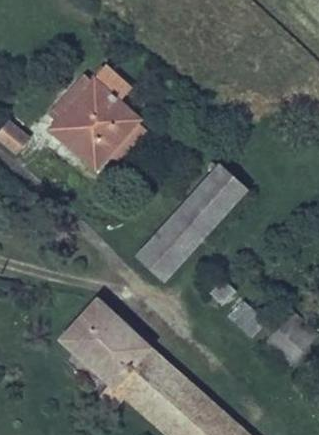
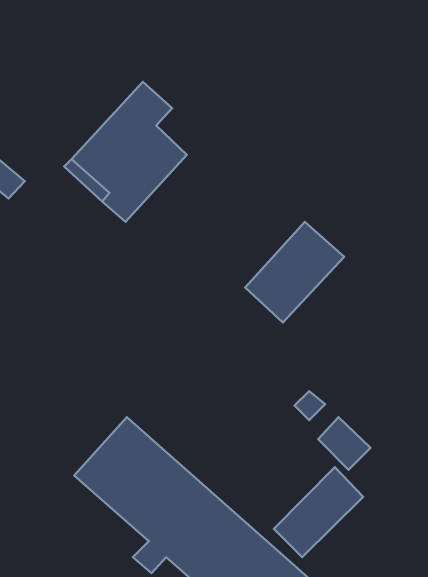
building: [138,210,204,278] -> none
building: none -> [274,467,363,557]

